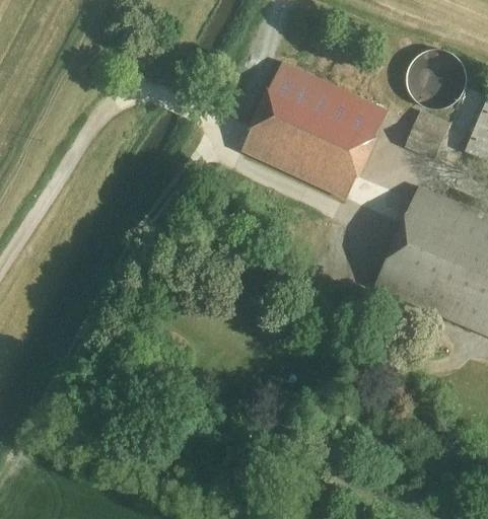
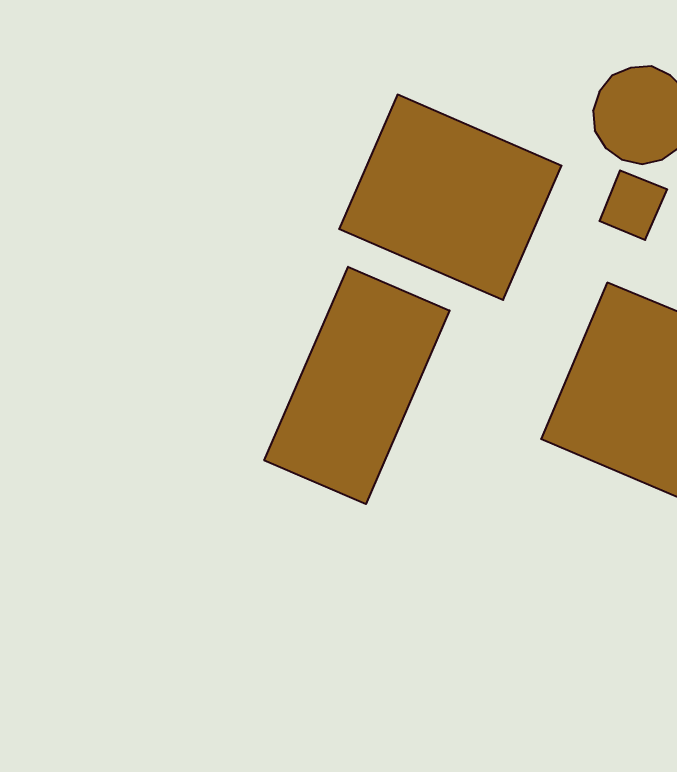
building: none -> [264,267,450,504]

